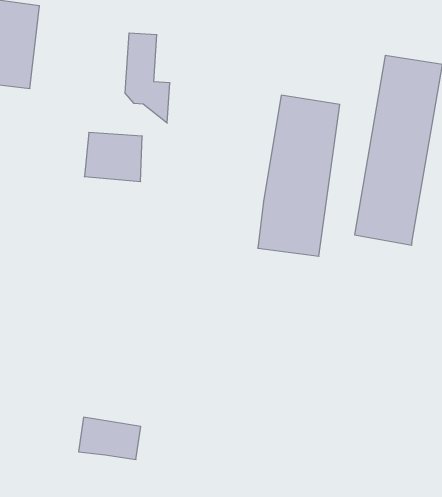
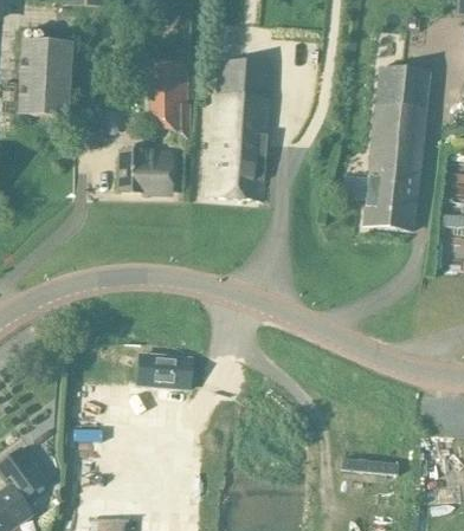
building: [258,95,340,256] -> [207,59,271,199]
building: [79,417,141,460] -> [137,352,191,387]

